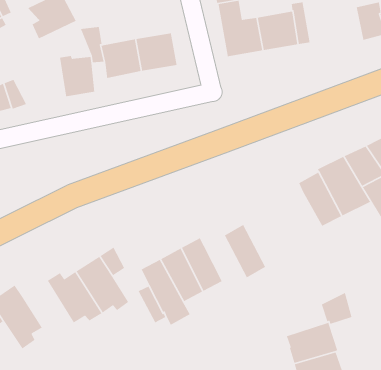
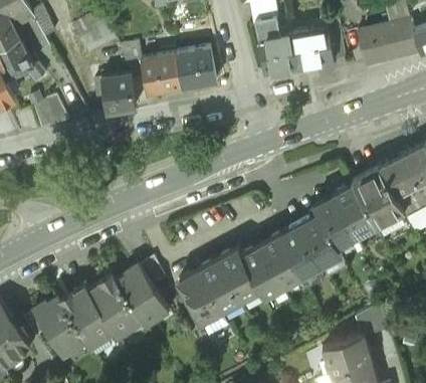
building: none -> [357,24,396,64]
building: none -> [289,205,361,275]
building: none -> [241,247,282,300]
building: none -> [64,286,114,343]

